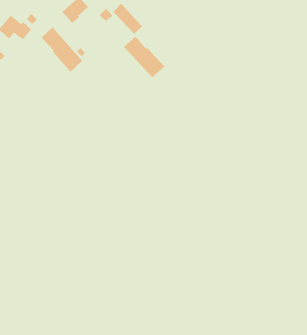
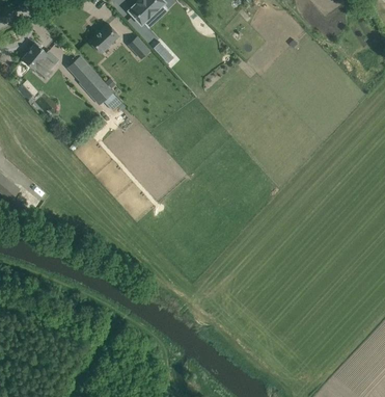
building: [123,36,165,78] -> none

